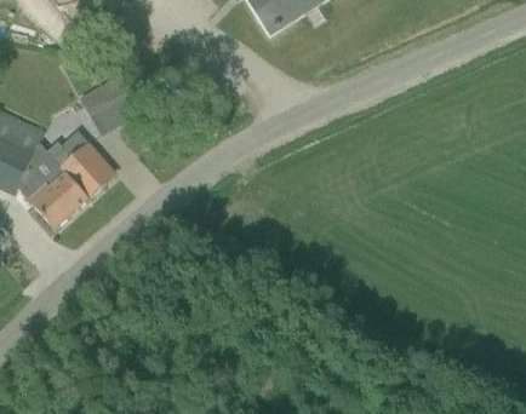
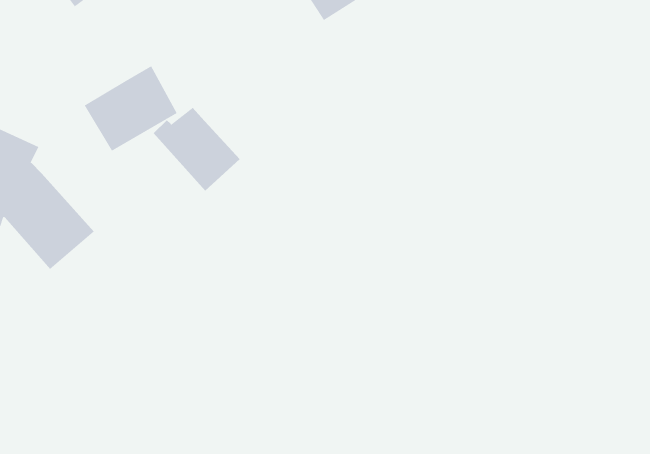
building: [46,131,115,197] -> [153,107,241,192]

